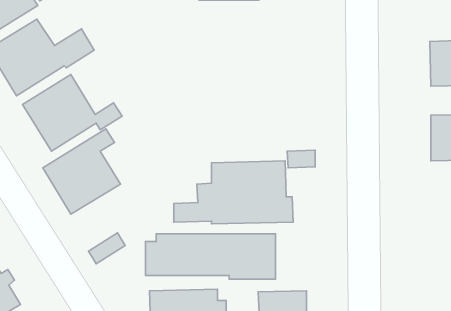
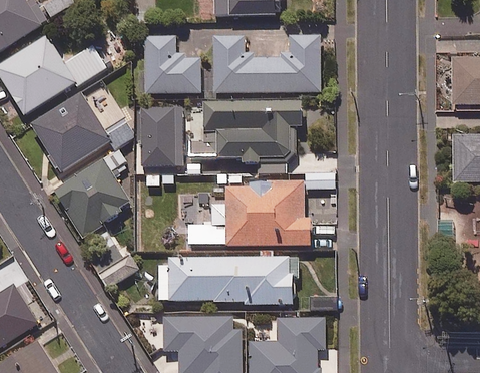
building: none -> [212,35,320,92]
building: none -> [144,36,199,93]
building: none -> [186,100,303,166]
building: none -> [140,107,181,166]

